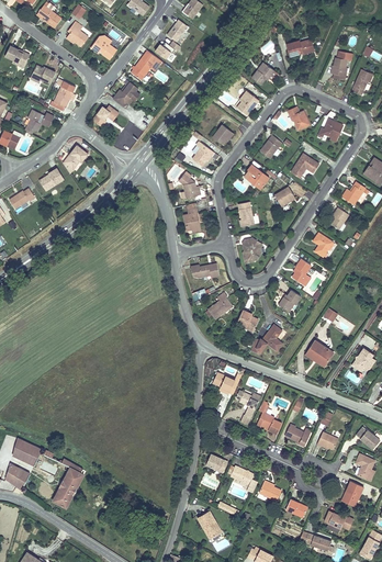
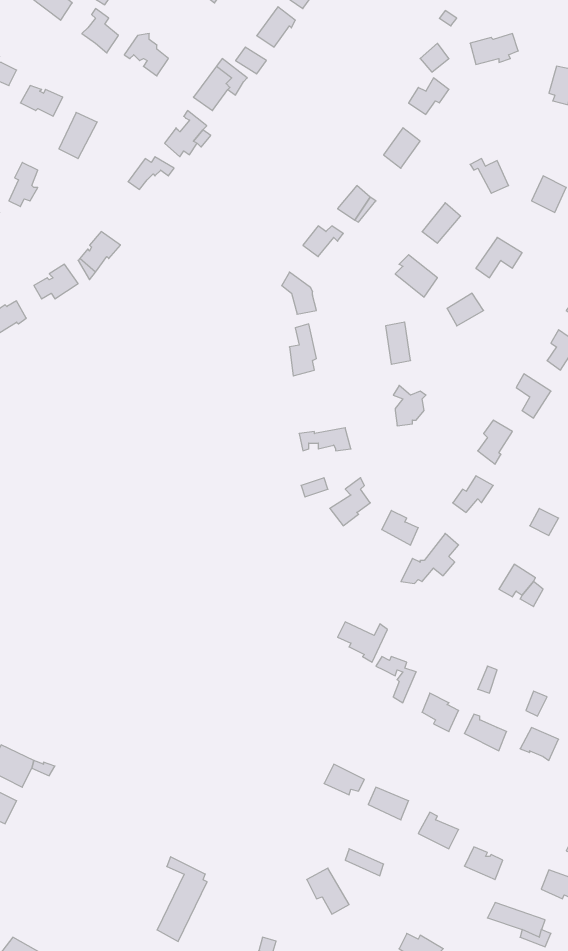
building: [52,460,80,508] -> [157,857,207,941]

